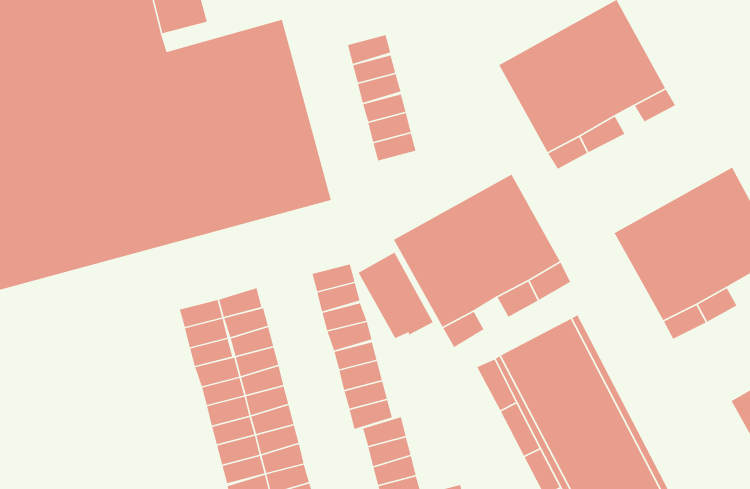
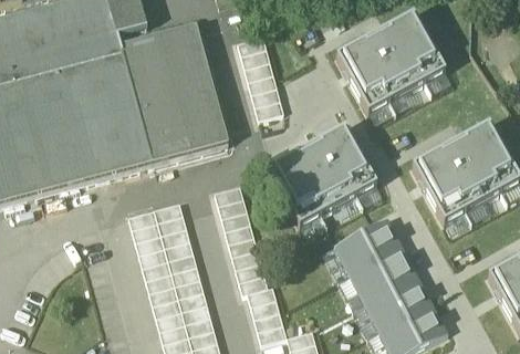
building: [357,252,434,339] -> none

